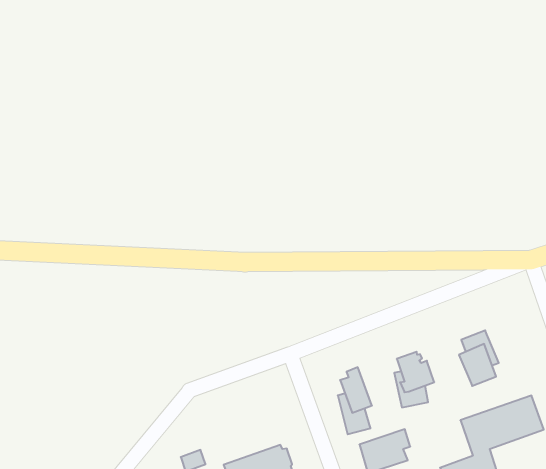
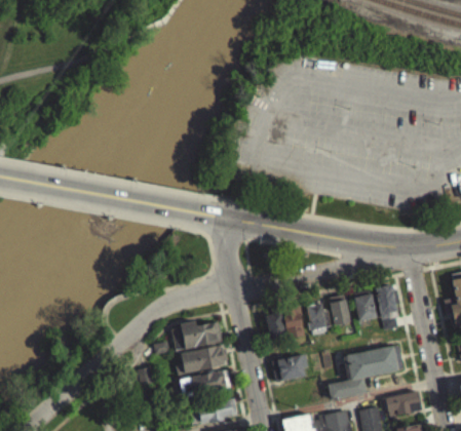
building: none -> [374,286,398,320]
building: none -> [331,295,350,325]
building: none -> [283,305,307,340]
building: none -> [168,328,220,359]

